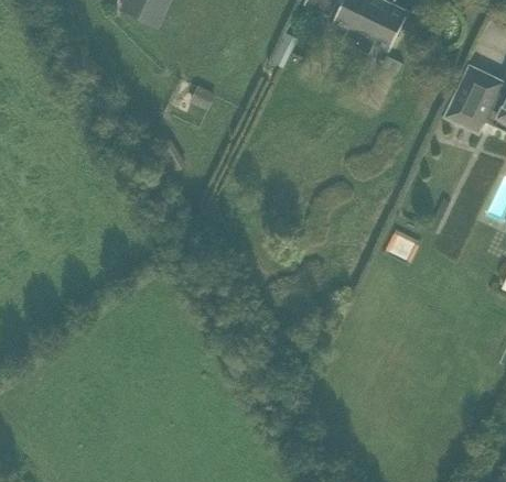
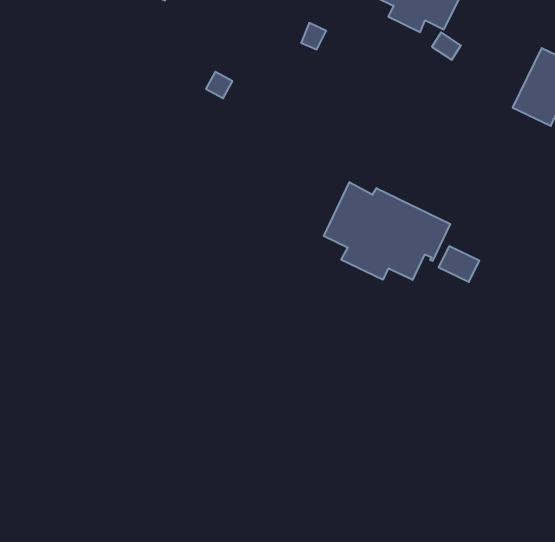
building: none -> [324,182,450,280]

